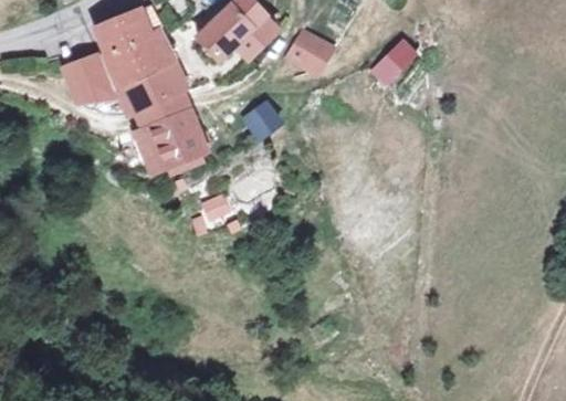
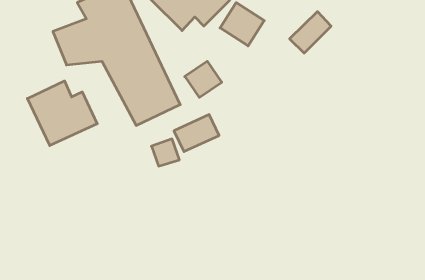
building: none -> [27,81,97,146]

